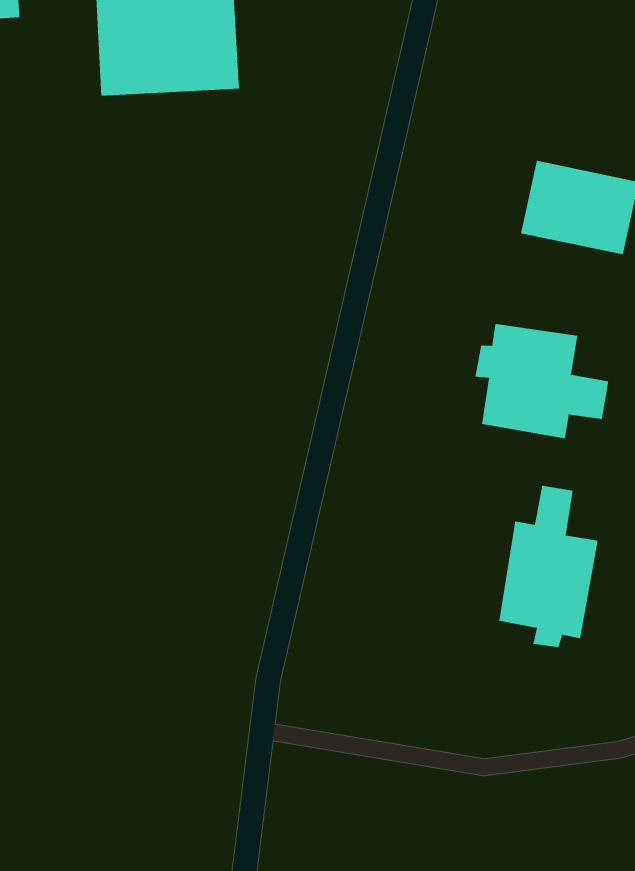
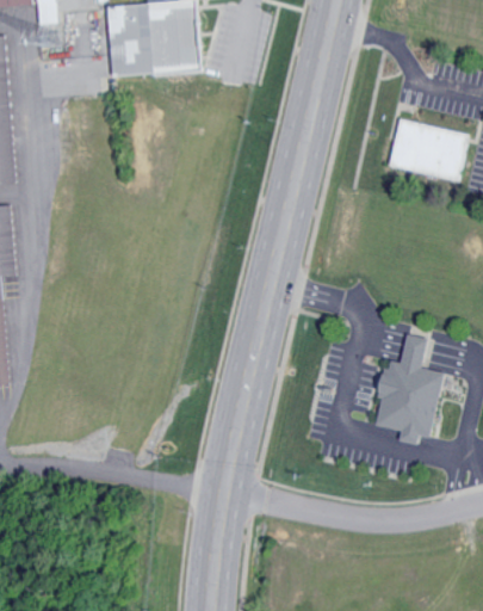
building: [475,323,609,439] -> none

